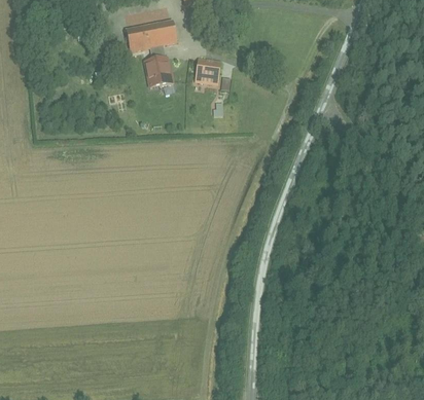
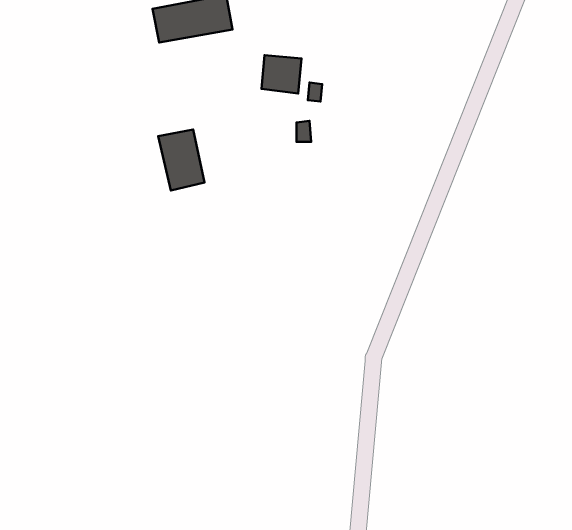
building: [143,47,173,86] -> [158,130,204,190]

